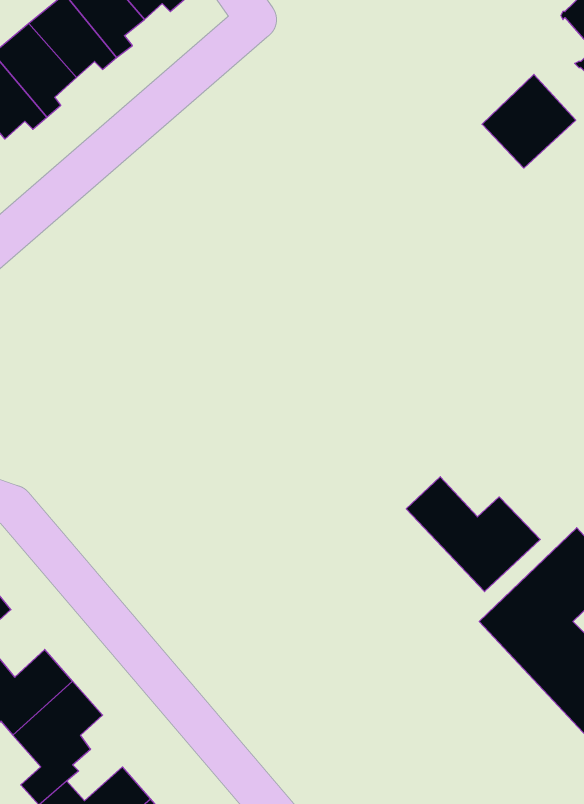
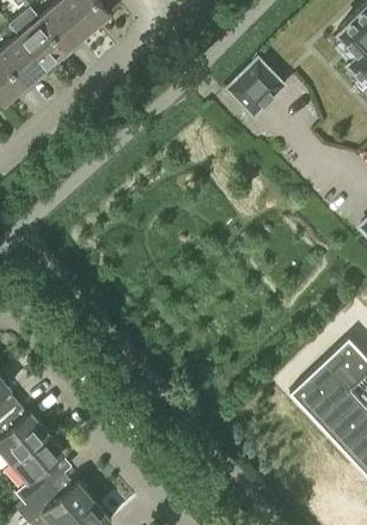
building: [482,74,576,168] -> [230,60,286,116]
building: [406,477,540,592] -> none

